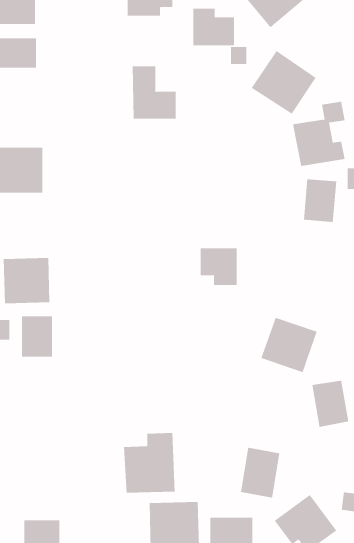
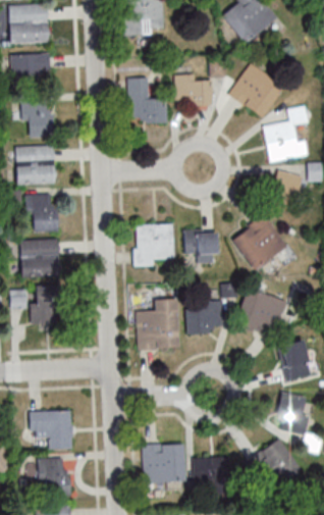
building: [192,8,235,46] -> [175,74,211,106]
building: none -> [22,103,52,136]
building: none -> [29,194,57,231]
building: none -> [231,215,287,270]
building: none -> [133,224,174,267]
building: none -> [185,302,223,334]
building: [123,432,175,493] -> [136,300,179,351]
building: [240,447,280,498] -> [275,393,309,435]
building: none -> [30,411,71,449]

